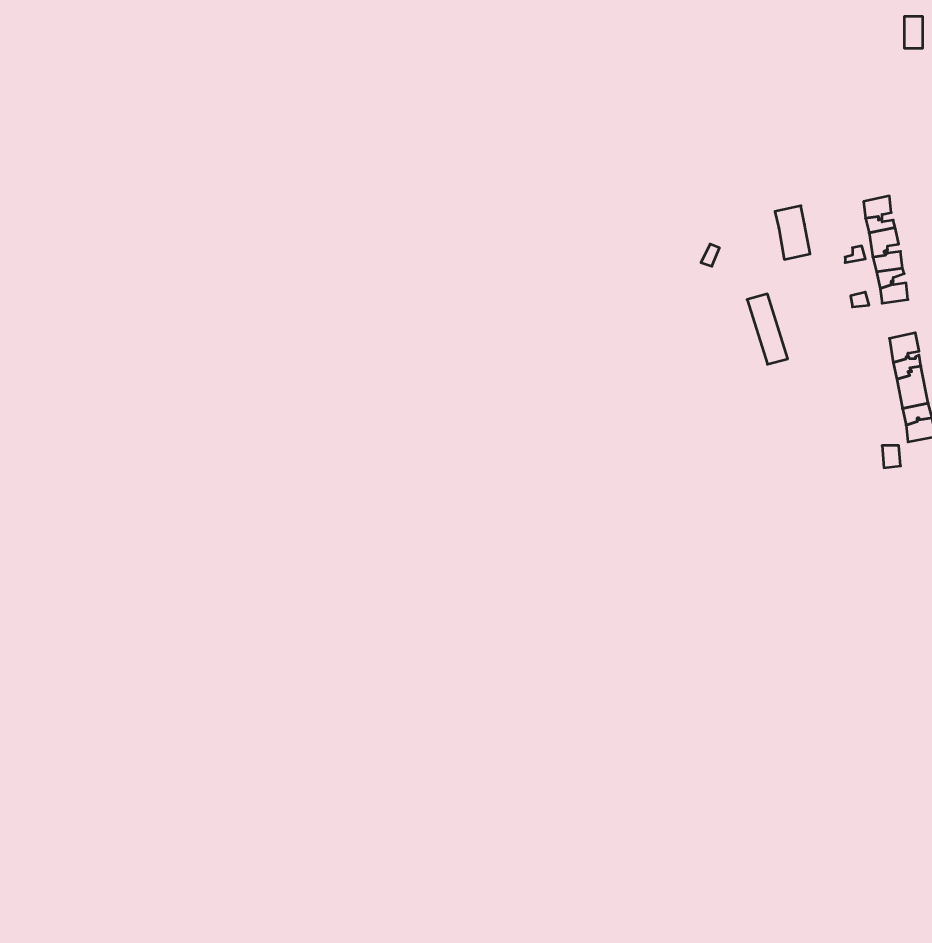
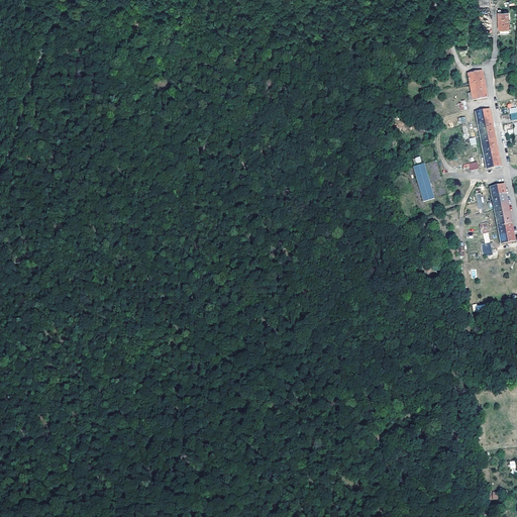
building: [775,206,810,259] -> [471,70,490,99]

